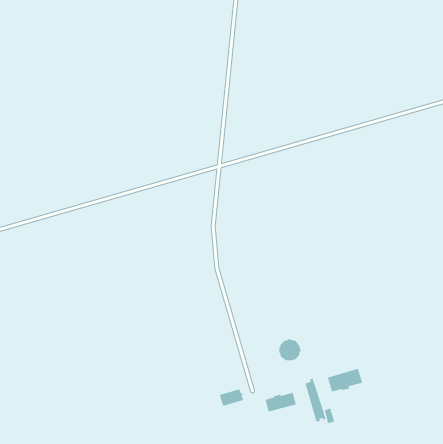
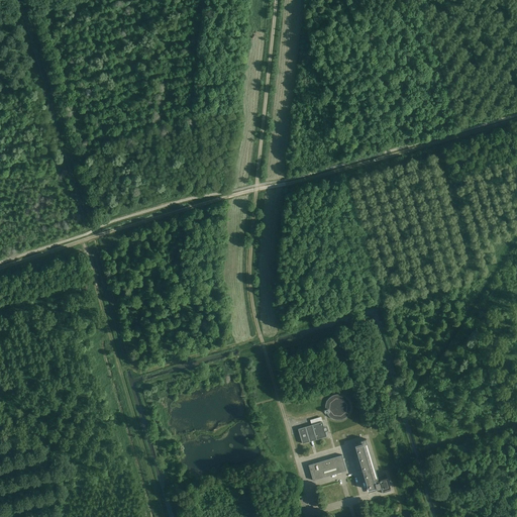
building: [327,368,363,392] -> none
building: [219,388,244,407] -> [296,421,325,442]

